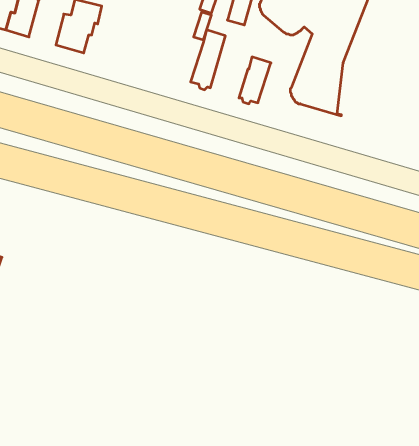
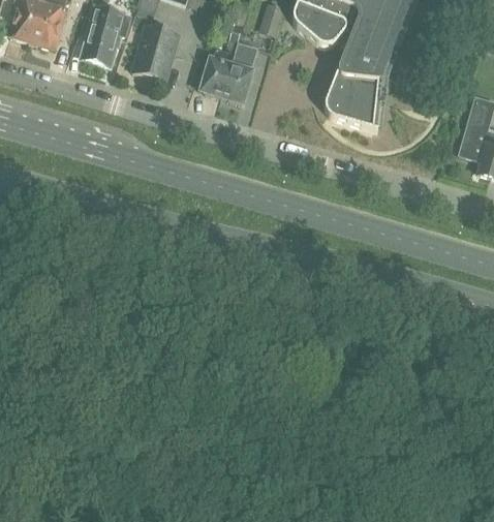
building: none -> [132,23,179,79]
building: [239,57,271,104] -> [202,45,235,94]

